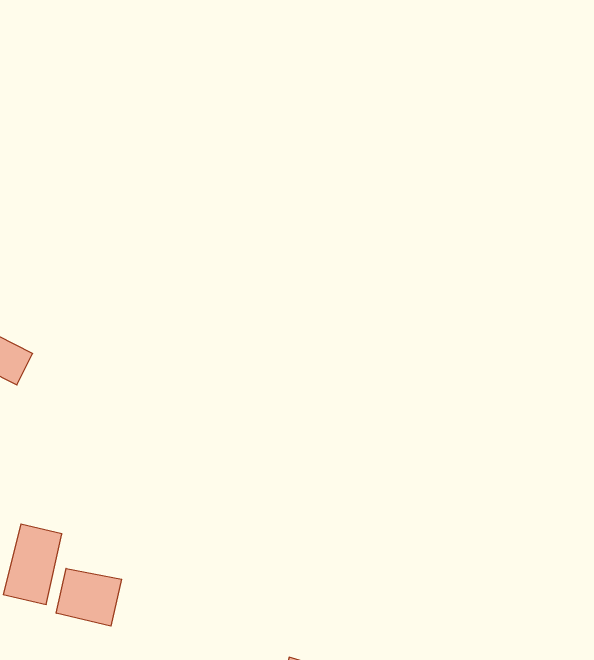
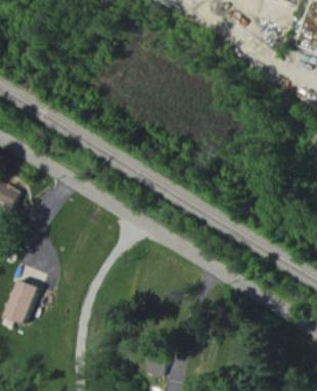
building: [56,568,122,626] -> none

